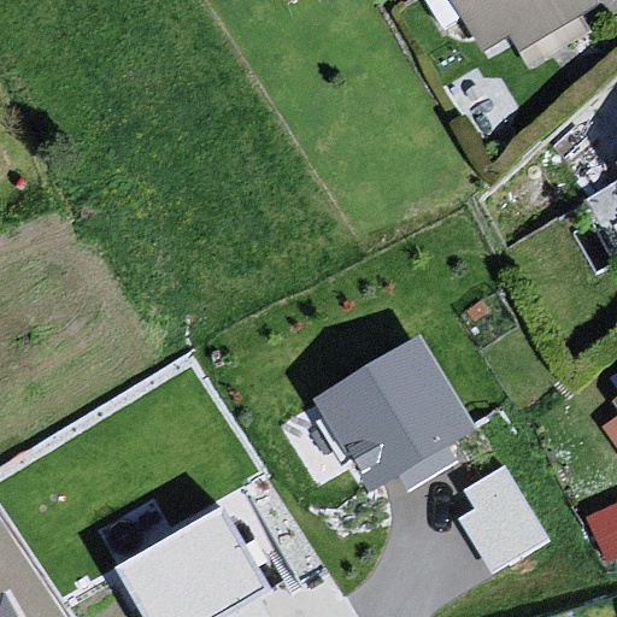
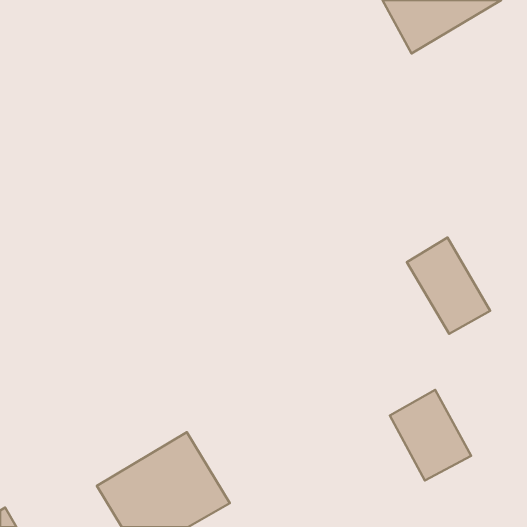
building: none -> [407,238,490,334]
building: [315,337,474,489] -> none

